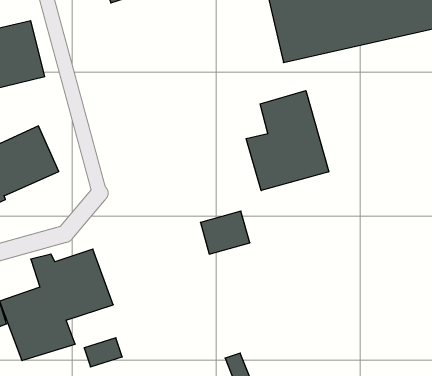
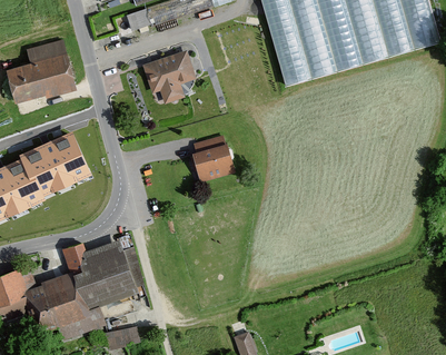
building: none -> [141,52,194,103]
building: [246,91,329,191] -> none
building: [200,211,250,254] -> [191,146,235,184]

